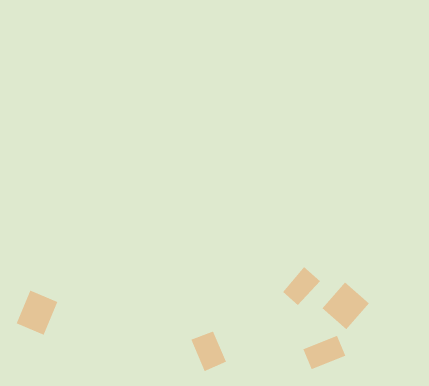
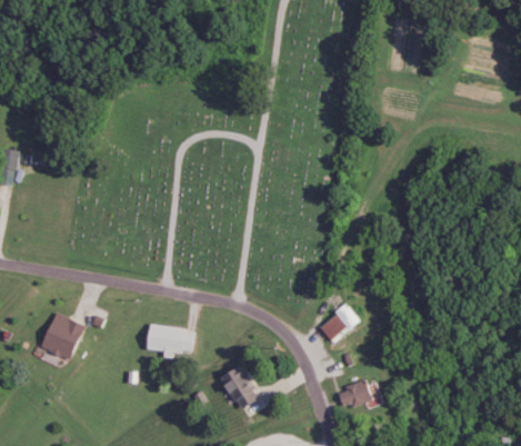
building: [322,282,370,330] -> none
building: none -> [146,326,193,354]

